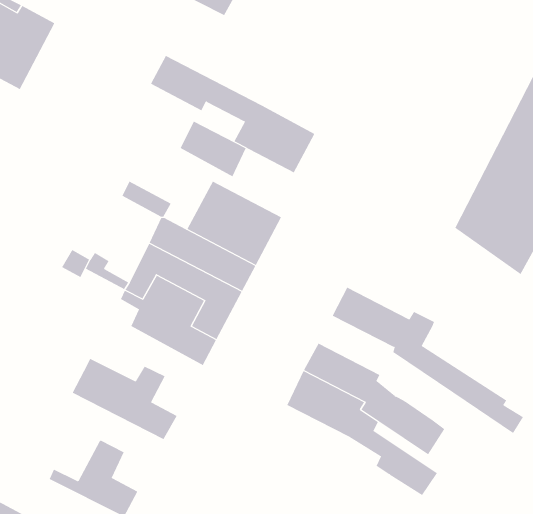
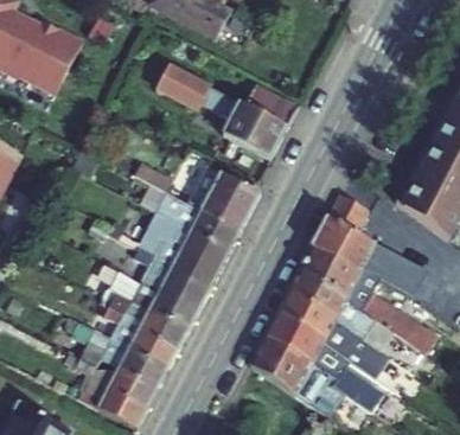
building: [180,121,246,177] -> [244,83,296,127]
building: none -> [311,193,424,296]
building: none -> [101,269,198,347]
building: none -> [288,269,394,351]
building: none -> [70,321,167,407]
building: none -> [247,339,344,417]

